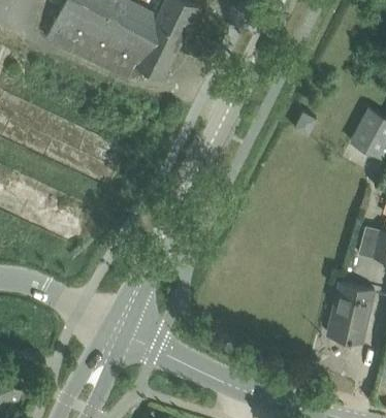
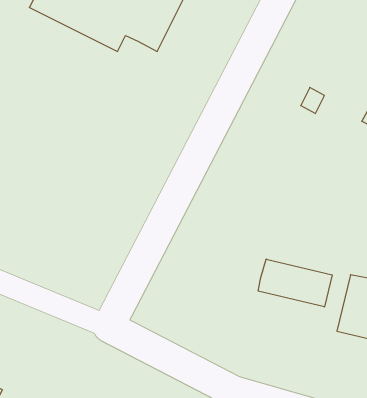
building: none -> [258,259,332,307]

